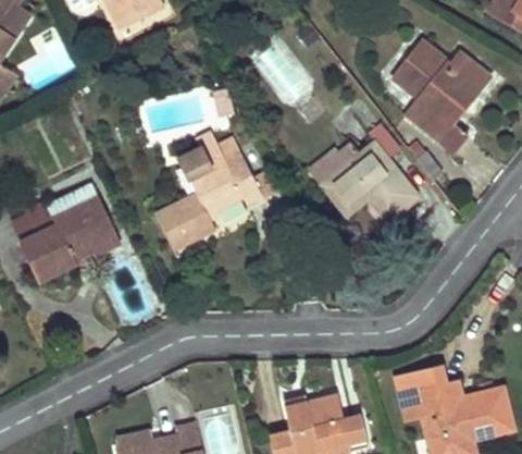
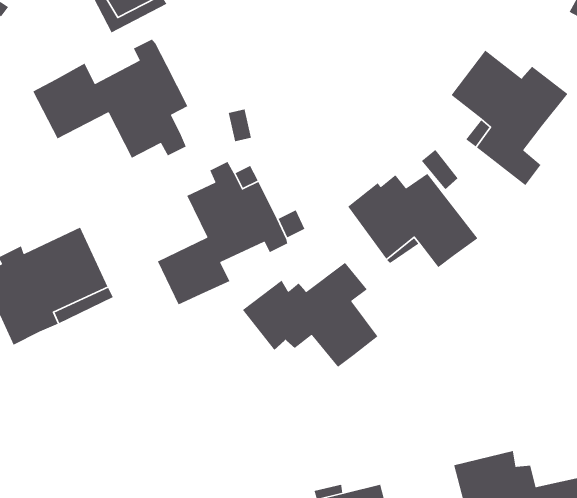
building: none -> [32,38,188,159]
building: none -> [242,262,379,368]

